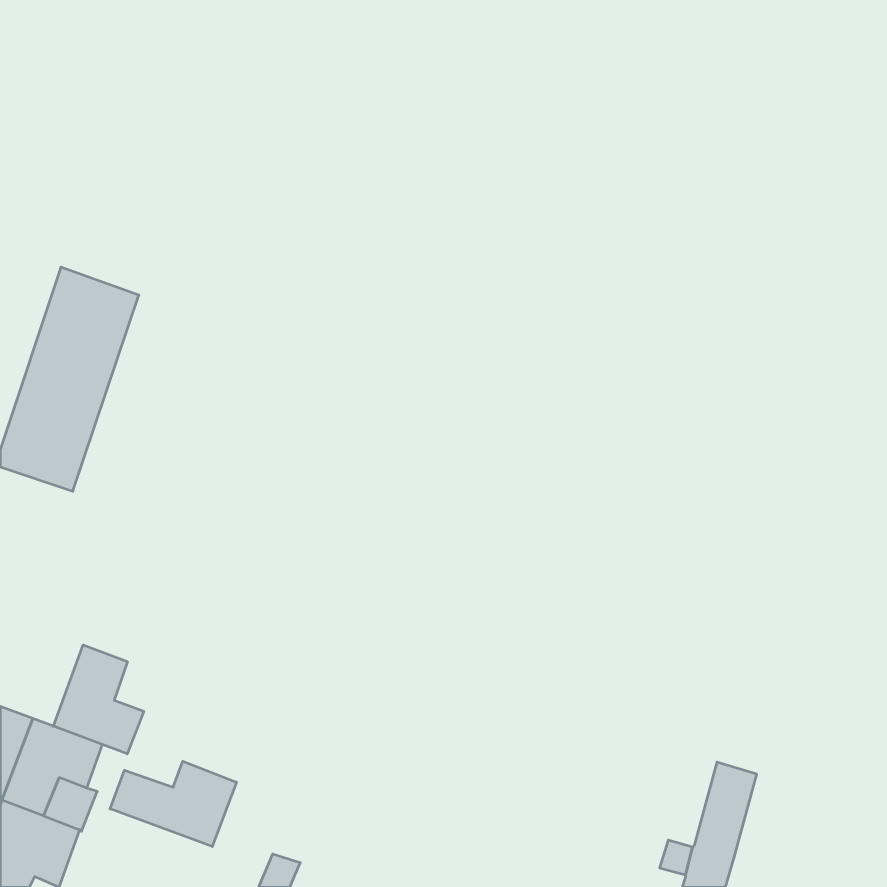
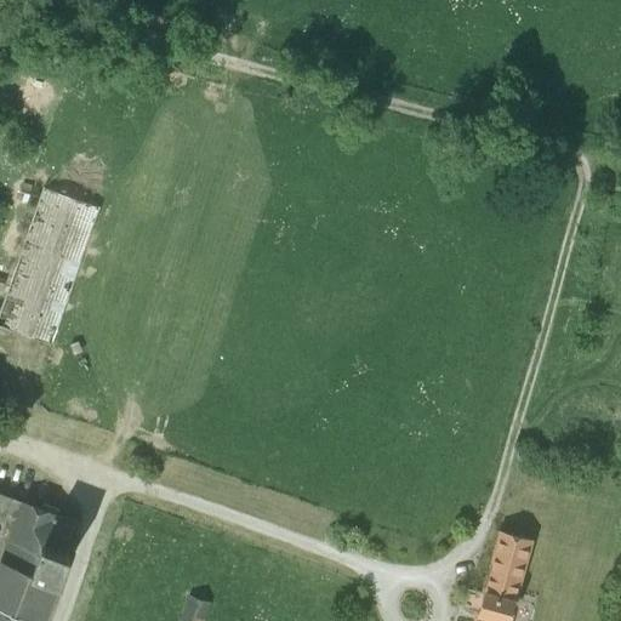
building: [53,645,144,754] -> none
building: [110,761,236,847] -> none

